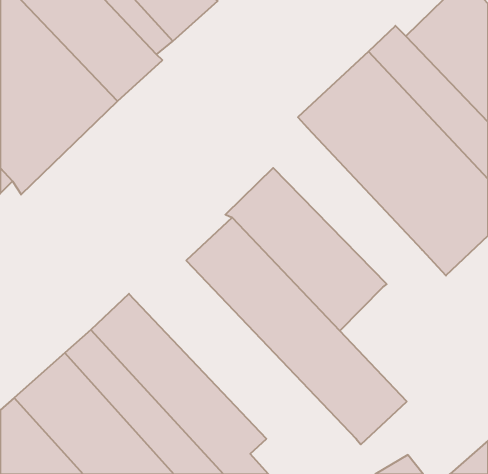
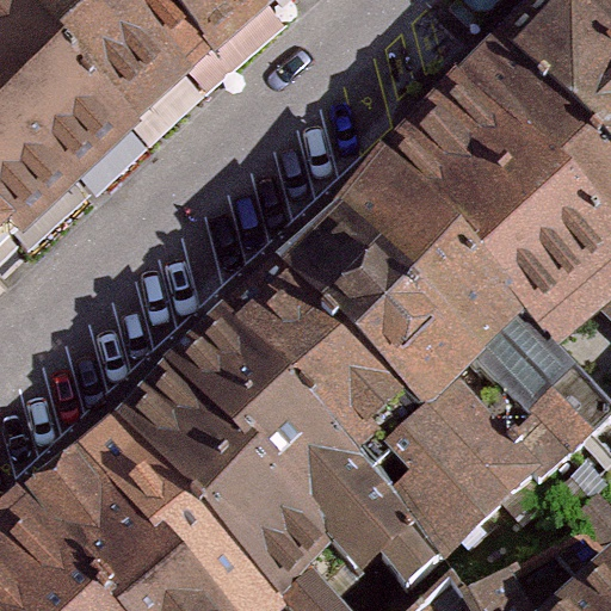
building: none -> [337,160,527,356]
building: none -> [161,313,445,585]
building: none -> [425,359,591,502]

